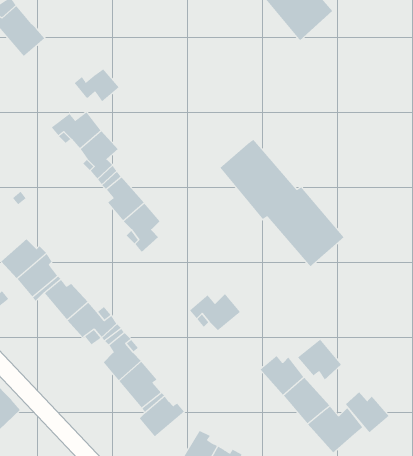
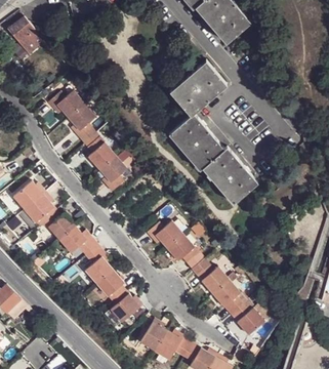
building: none -> [169,58,227,114]
building: [74,69,120,102] -> none
building: [297,339,342,380] -> [167,235,199,264]
building: [345,391,390,433] -> none

